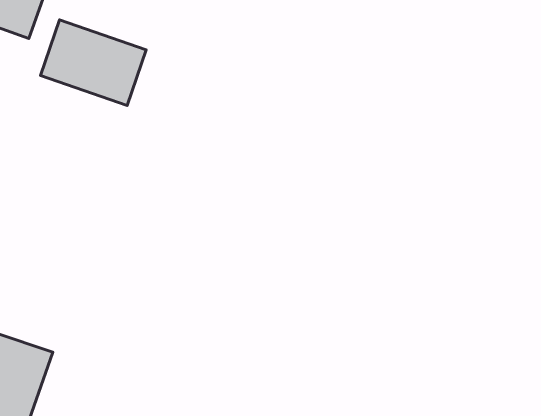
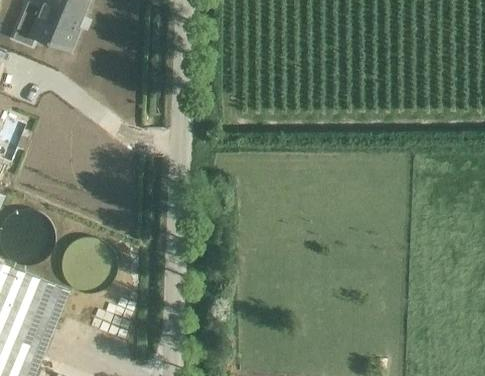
building: [41,20,146,106] -> none

